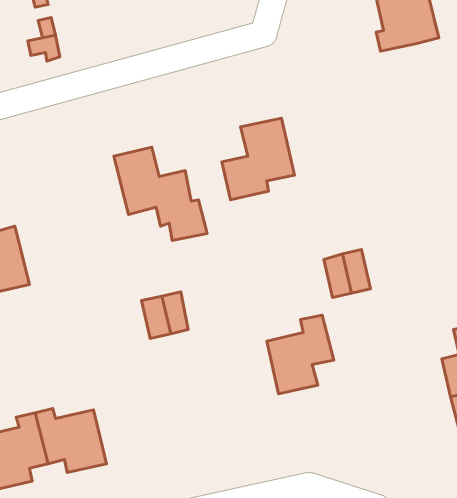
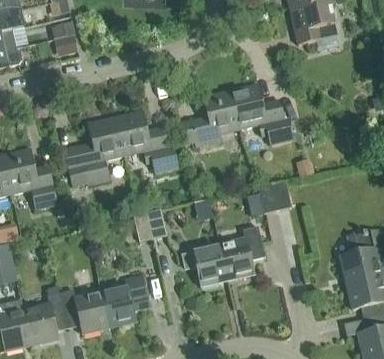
building: none -> [229,84,293,145]
building: none -> [63,116,124,188]
building: none -> [181,243,227,286]
building: none -> [100,274,149,327]

